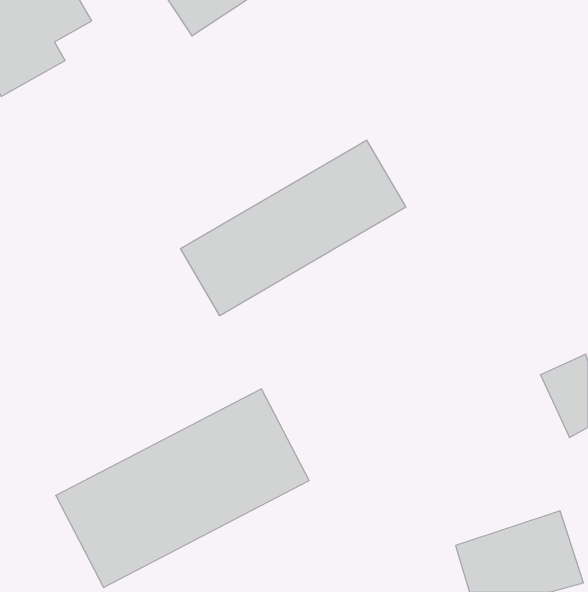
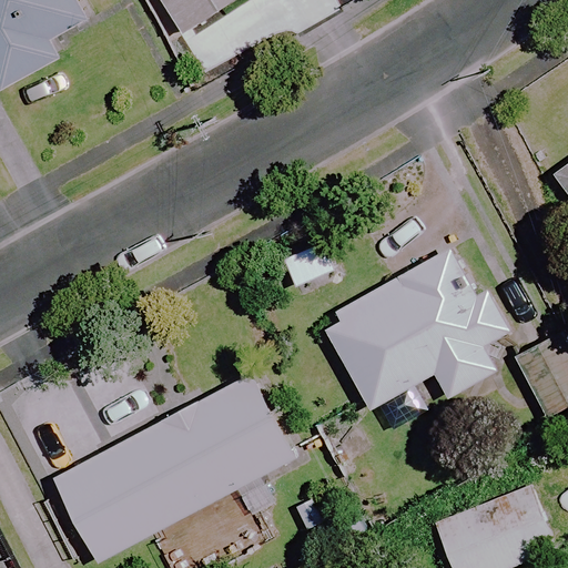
building: [181,140,406,316] -> none
building: none -> [322,248,509,409]

